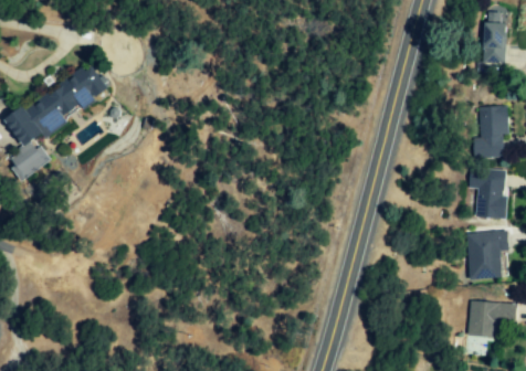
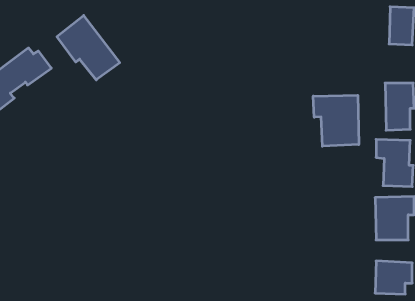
building: none -> [57,15,120,80]
building: none -> [313,95,359,146]

